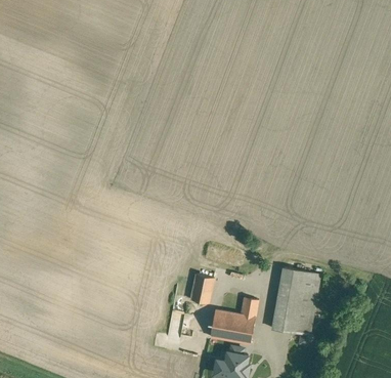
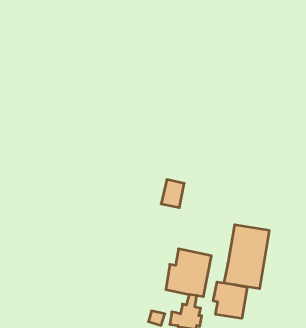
building: [188,274,213,303] -> [161,180,184,208]
building: none -> [213,282,247,318]

